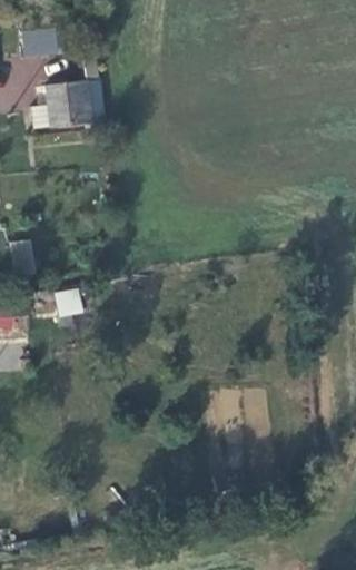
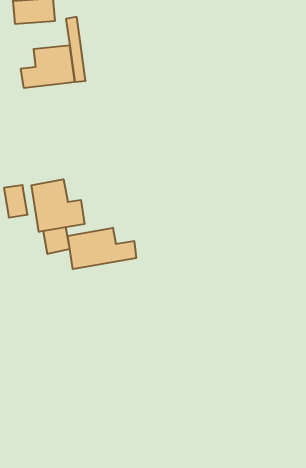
building: none -> [31,179,84,232]
building: none -> [68,228,136,269]

